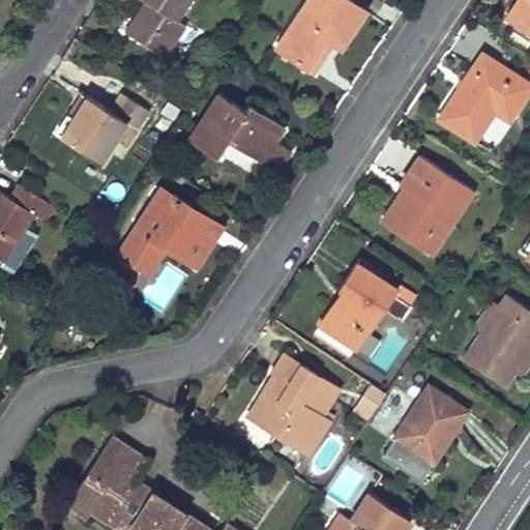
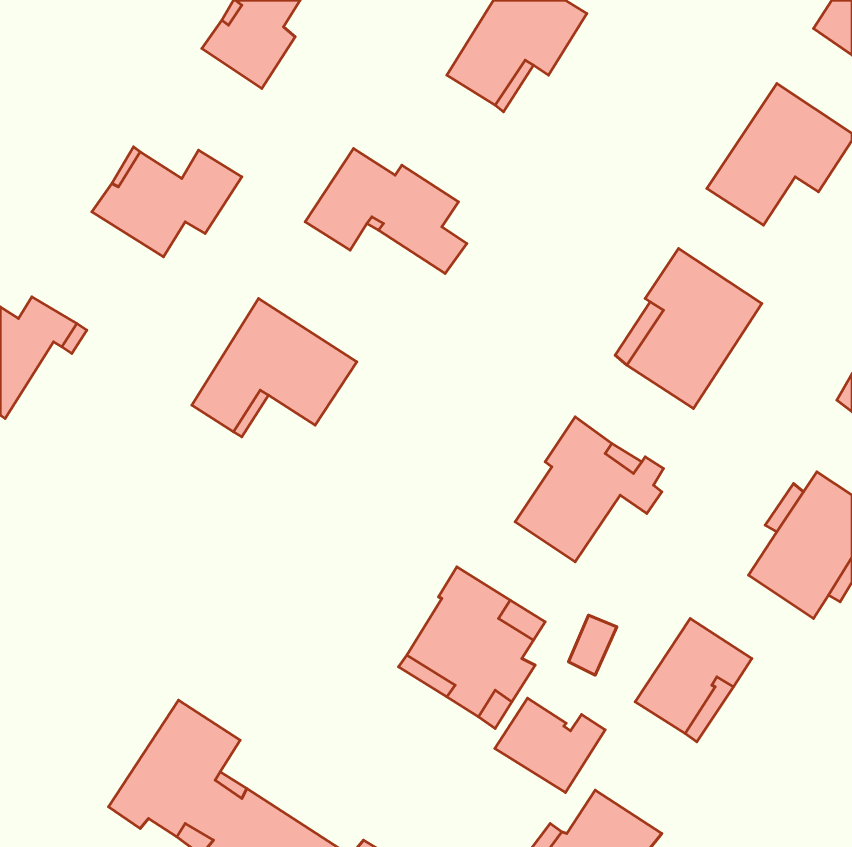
building: none -> [495,698,605,793]

